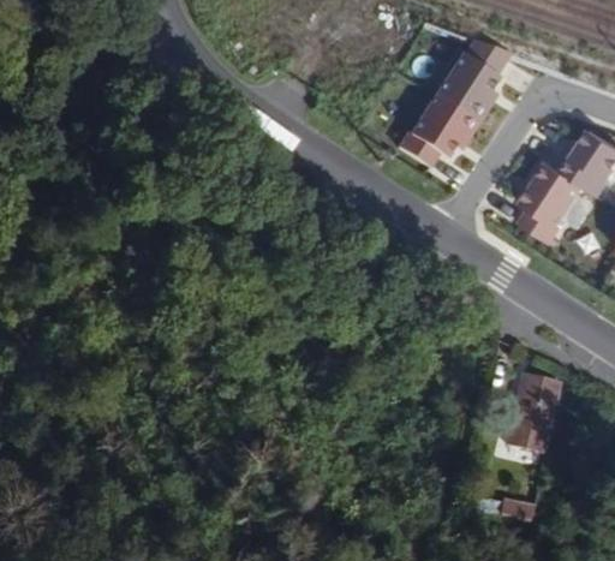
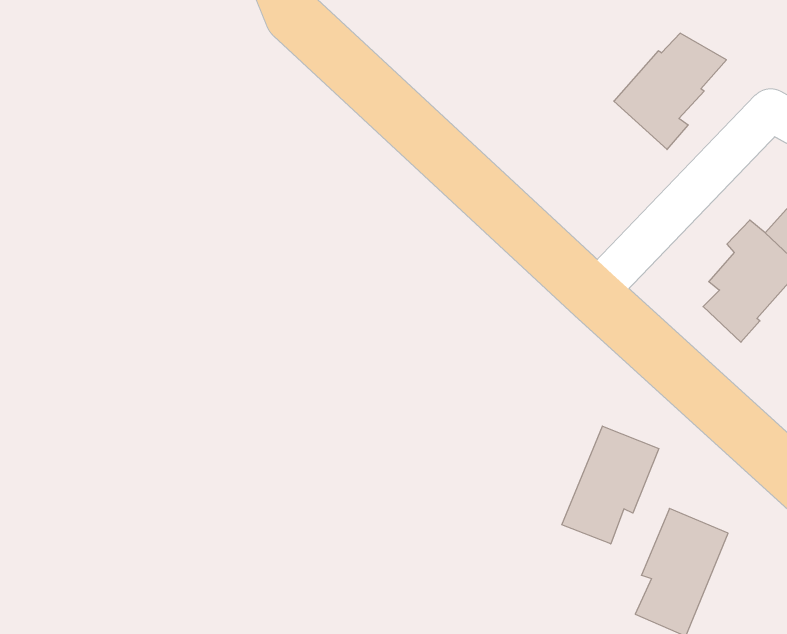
building: [398,94,478,167] -> none
building: none -> [562,426,659,544]

